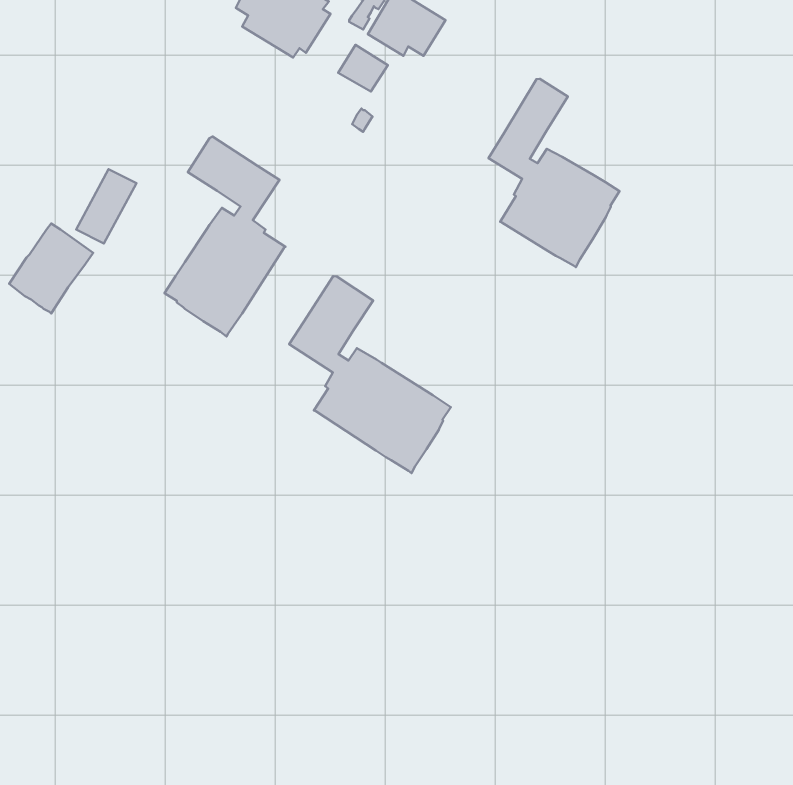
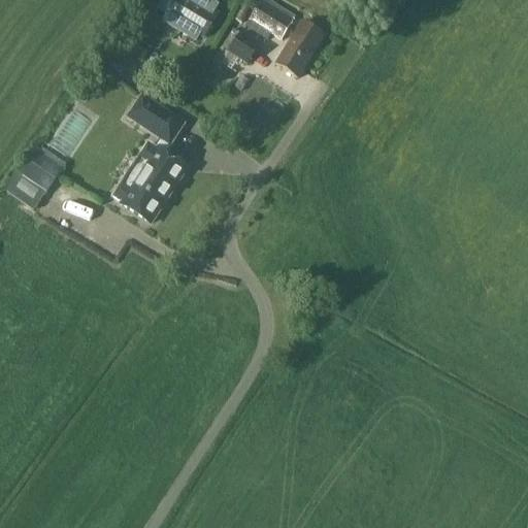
building: none -> [275,20,324,75]
building: [489,79,620,267] -> none
building: [289,276,451,473] -> none

